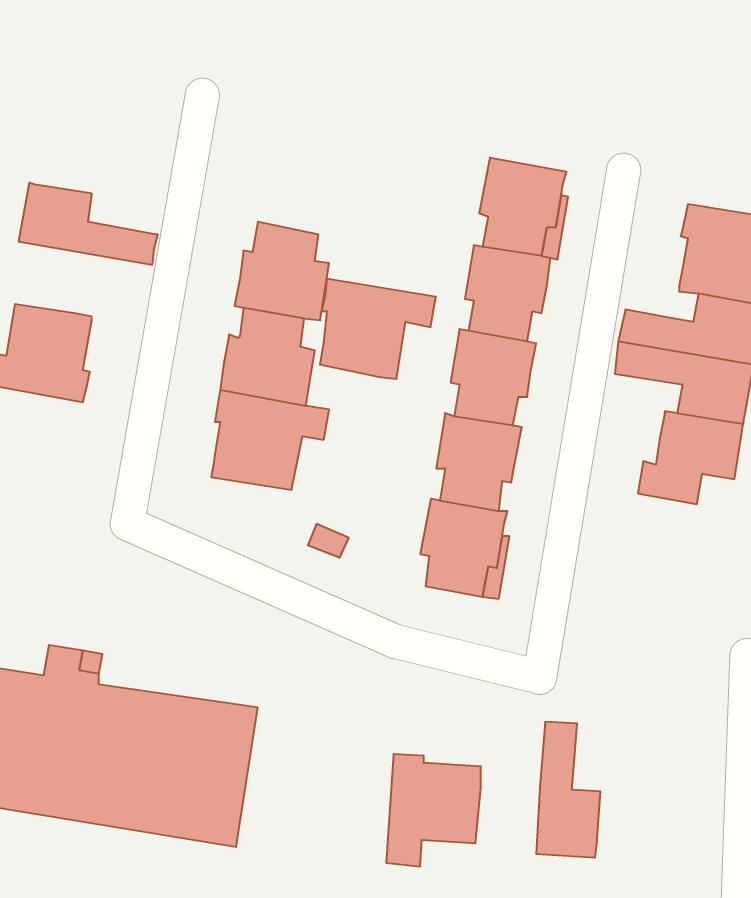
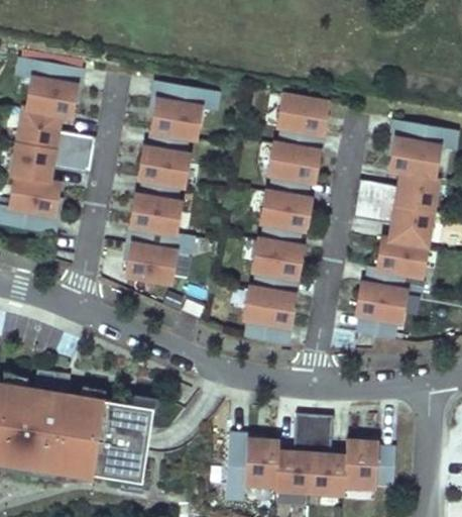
building: none -> [18,60,83,118]
building: none -> [11,143,93,184]
building: [320,279,436,379] -> [152,84,218,140]
building: none -> [356,285,405,339]
building: none -> [275,414,315,490]
building: none -> [344,439,395,486]

